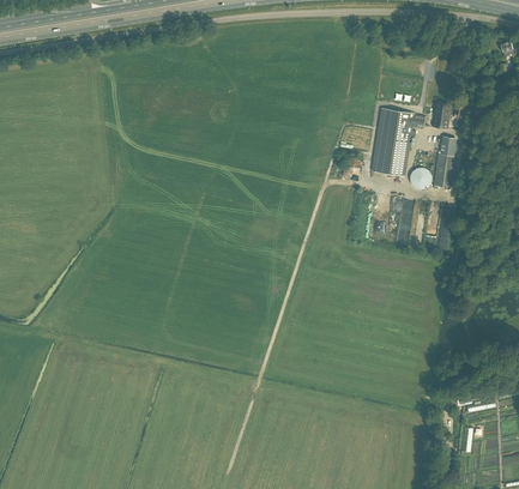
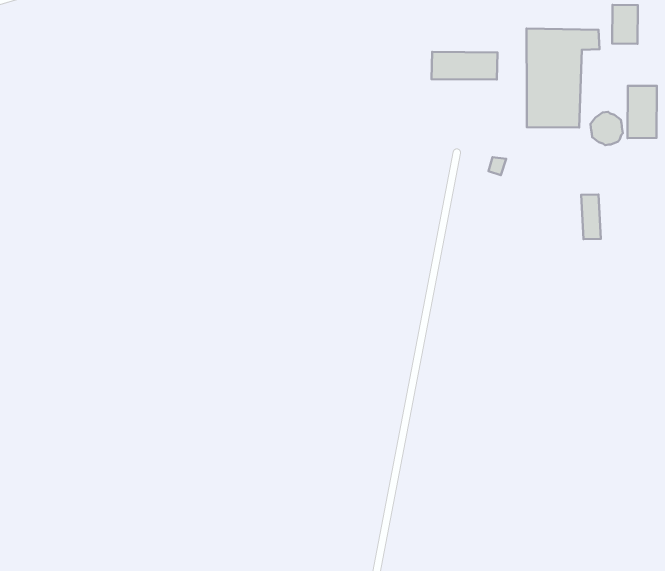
building: none -> [432,52,498,80]

